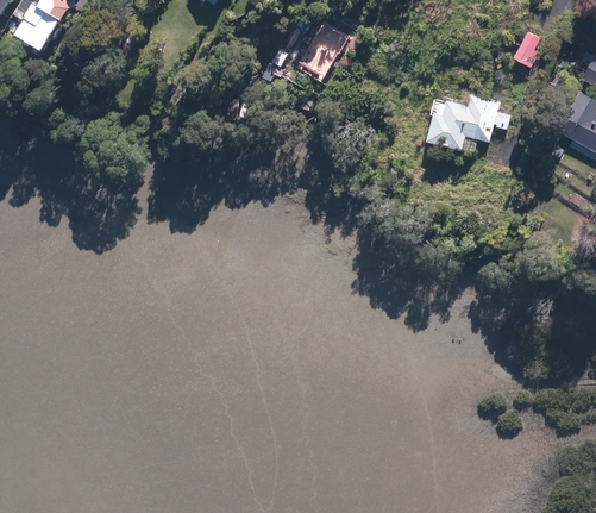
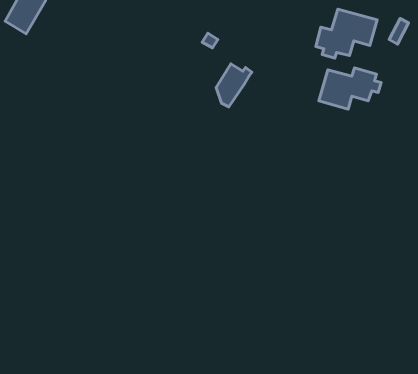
building: none -> [316,9,377,58]
building: [301,27,347,83] -> [216,64,252,107]

